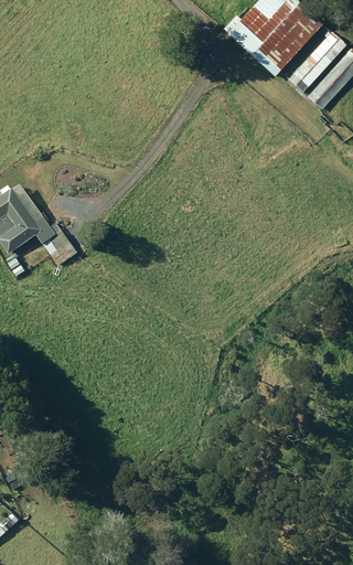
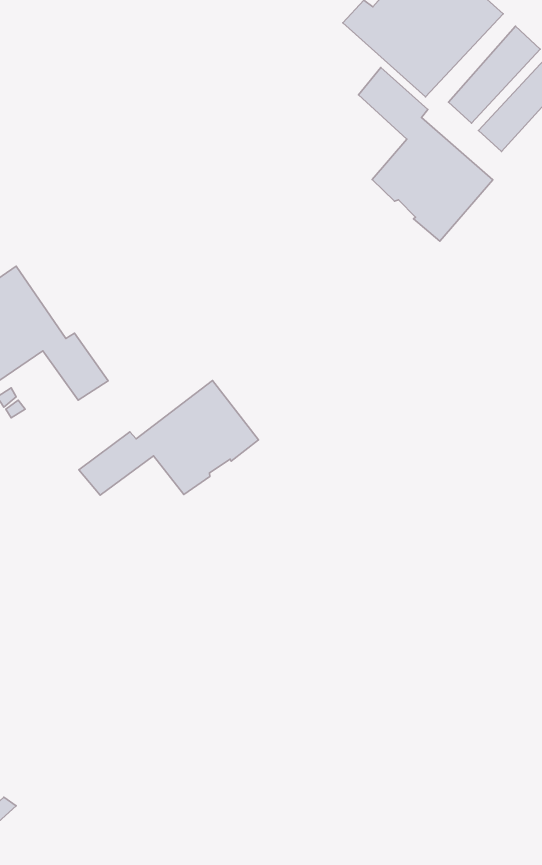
building: none -> [358,67,493,241]
building: none -> [79,381,259,495]

